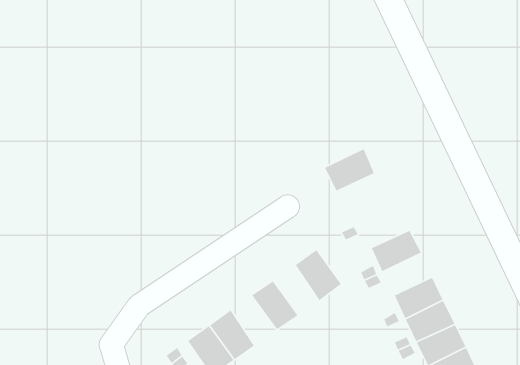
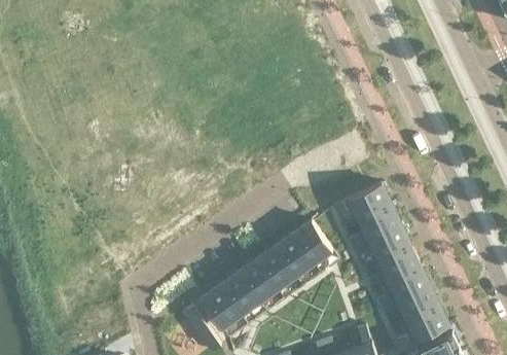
building: [324,148,375,192] -> [347,183,390,220]
building: none -> [366,224,409,260]
building: none -> [274,235,313,278]
building: none -> [238,260,277,304]

